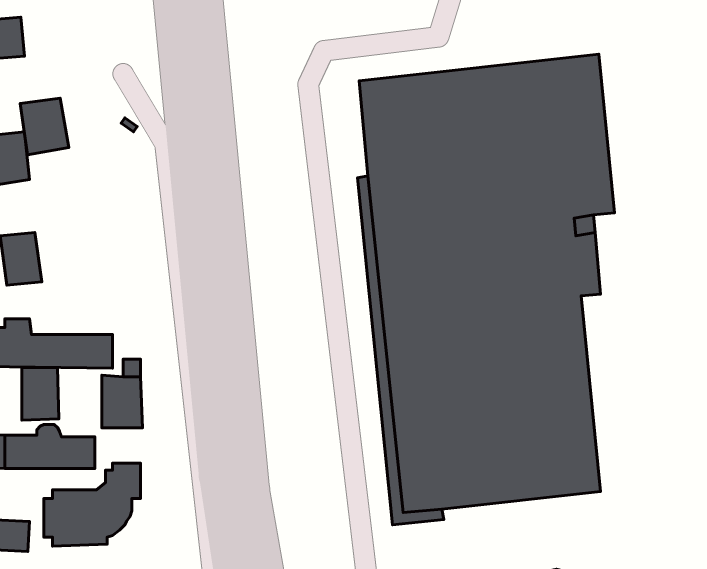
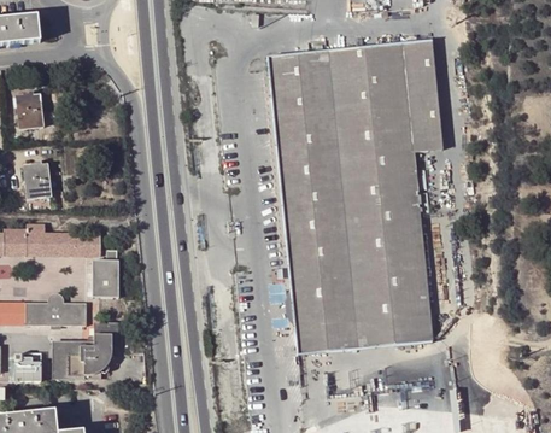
building: [20,98,69,155] -> none
building: [22,367,59,420] -> none

